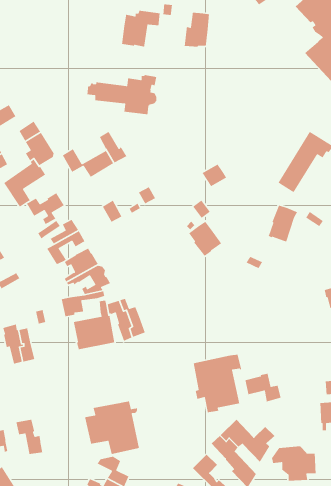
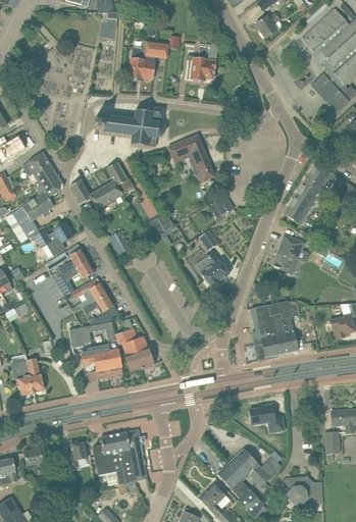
building: none -> [168,134,214,181]
building: [193,354,242,413] -> [251,299,300,358]
building: none -> [64,440,87,468]

